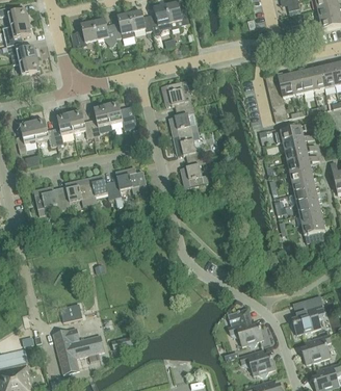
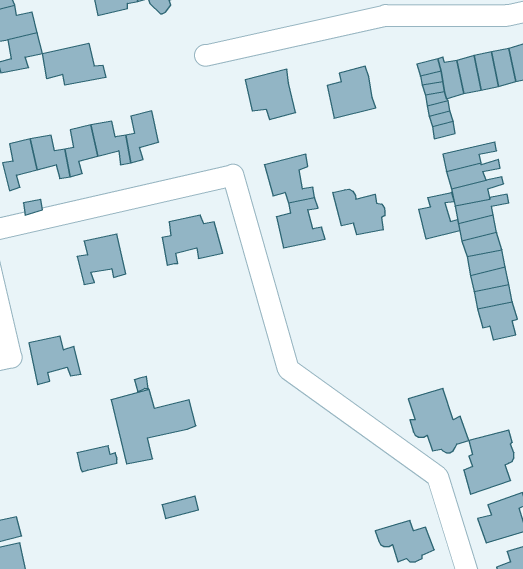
building: none -> [42,43,106,85]
building: [105,101,136,128] -> none
building: [168,105,198,136] -> [327,66,376,118]
building: none -> [333,189,385,235]
building: none -> [419,192,460,239]
building: [84,174,114,202] -> none
building: [33,185,64,214] -> [29,336,81,385]
building: [227,307,263,345] -> [408,388,469,453]
building: [53,328,104,372] -> [111,389,196,464]

